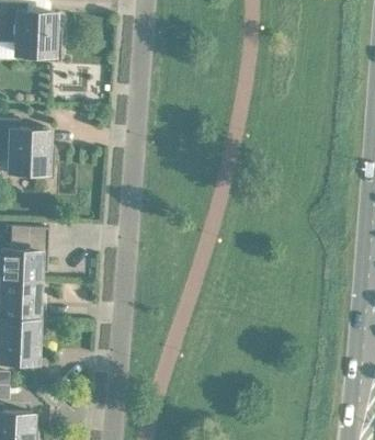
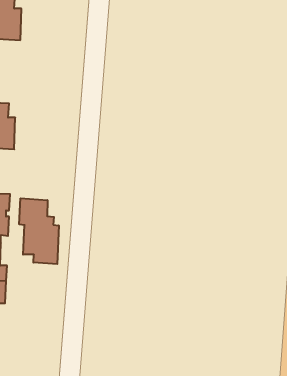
building: none -> [19,198,59,264]

